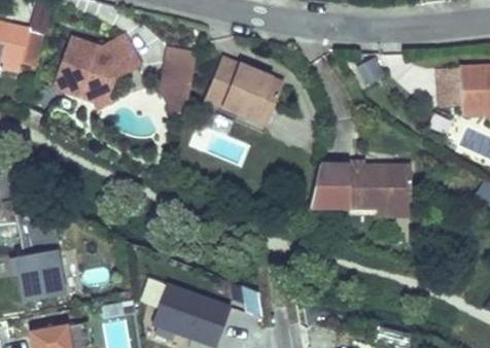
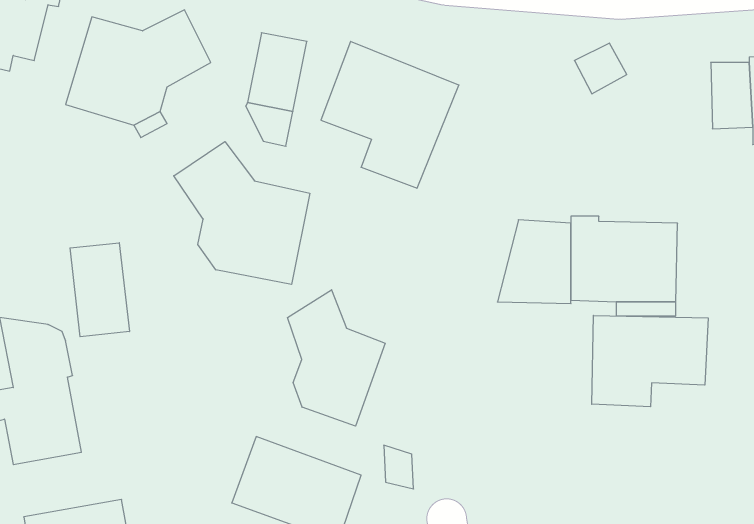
building: none -> [174,142,310,284]
building: none -> [70,243,129,337]
building: none -> [288,290,385,426]
building: none -> [592,315,708,407]

